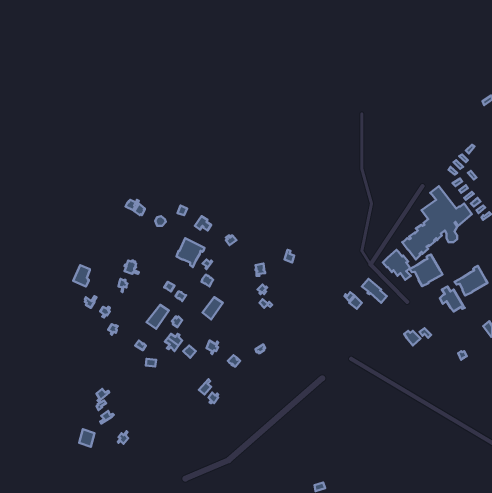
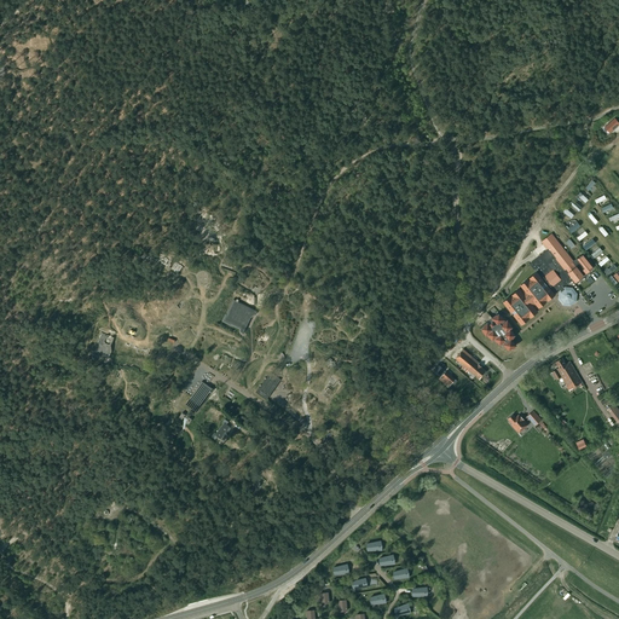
building: [409,254,443,286] -> none
building: [454,266,488,296] -> none

